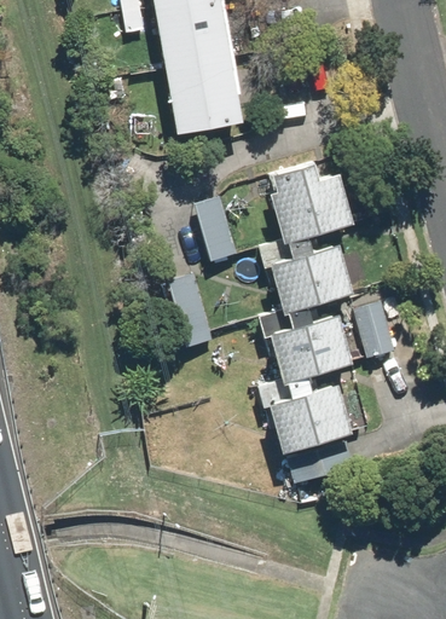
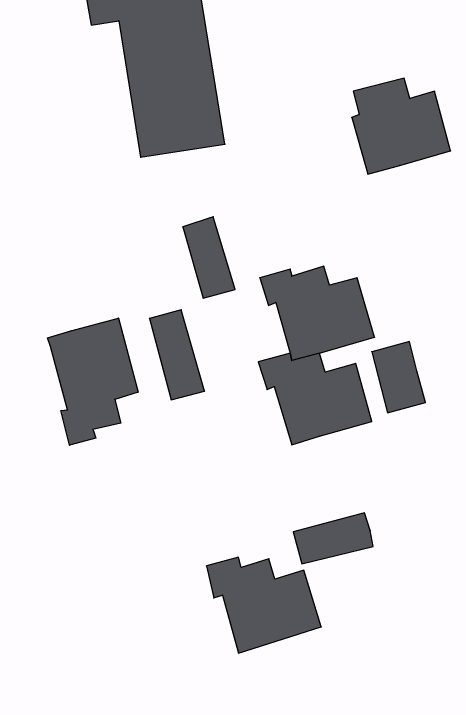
building: [273,161,355,241] -> [352,78,451,174]
building: none -> [48,318,138,445]
building: [257,374,353,453] -> [206,557,321,653]

